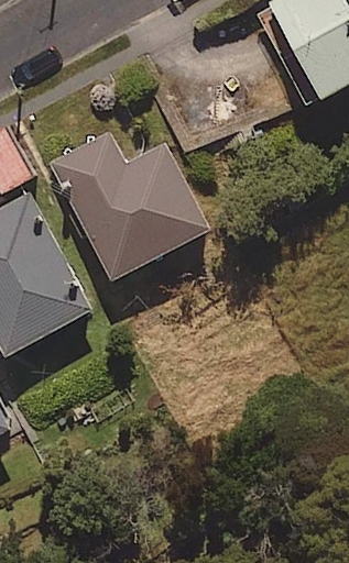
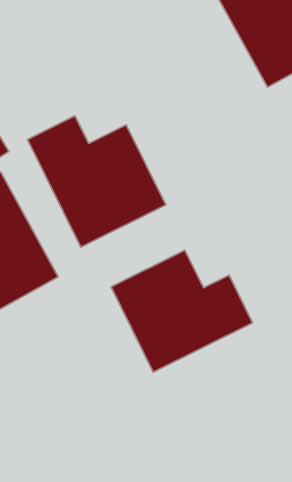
building: none -> [111,250,252,372]

